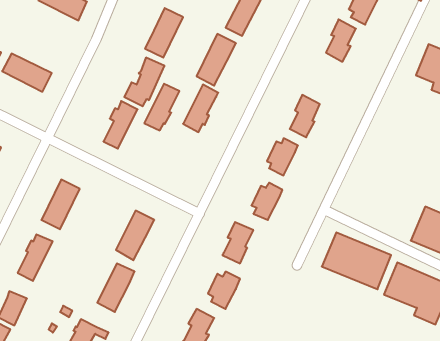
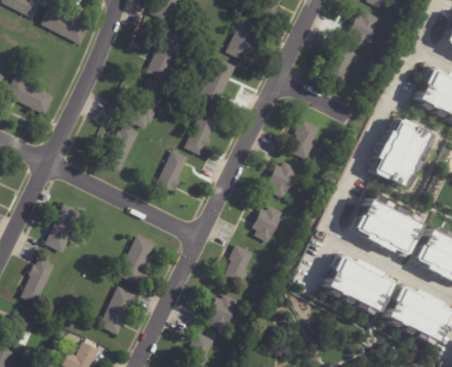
building: [144,84,179,130] -> [154,150,189,196]
building: none -> [369,118,430,187]
building: none -> [350,199,418,255]

